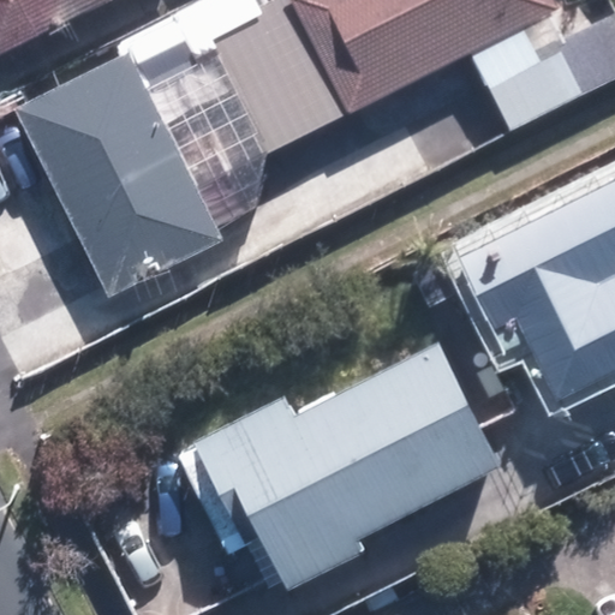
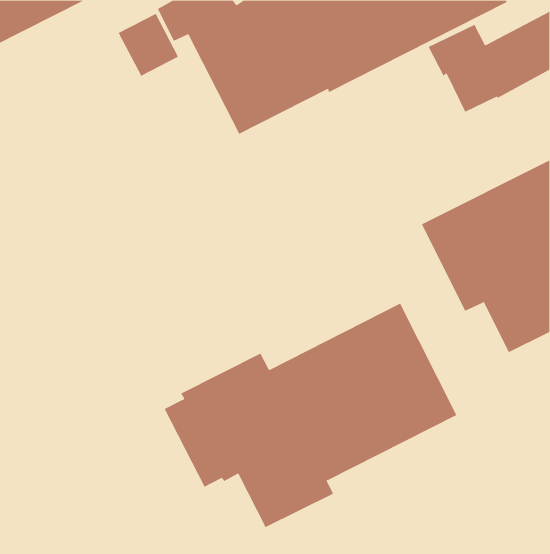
building: [18,52,223,295] -> none

